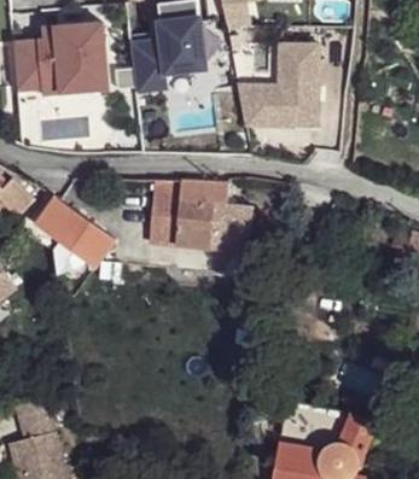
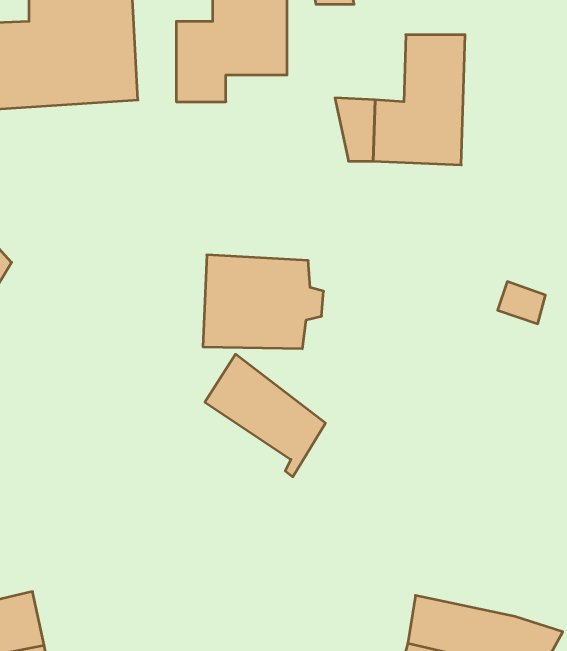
building: [37,197,114,274] -> [205,354,325,477]

